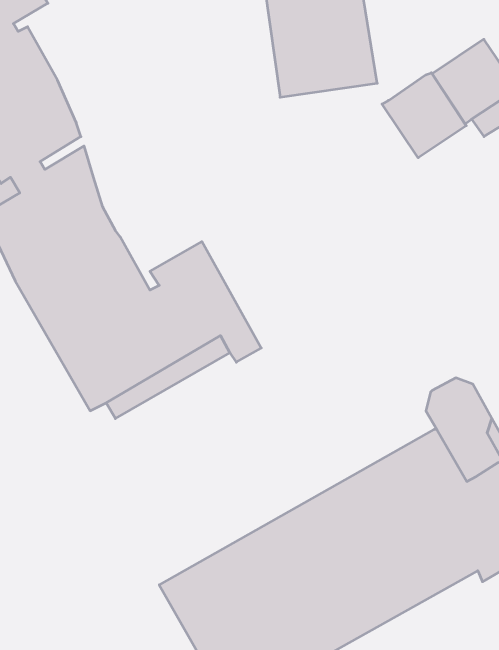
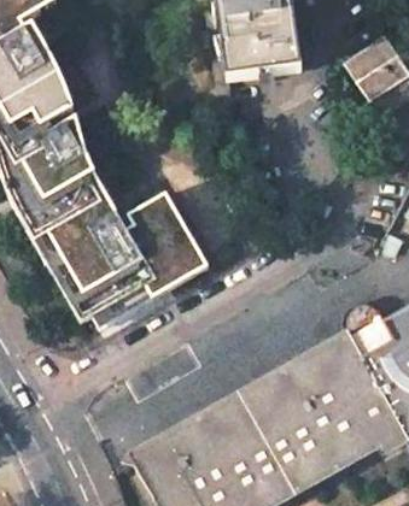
building: [382,73,466,158] -> none

